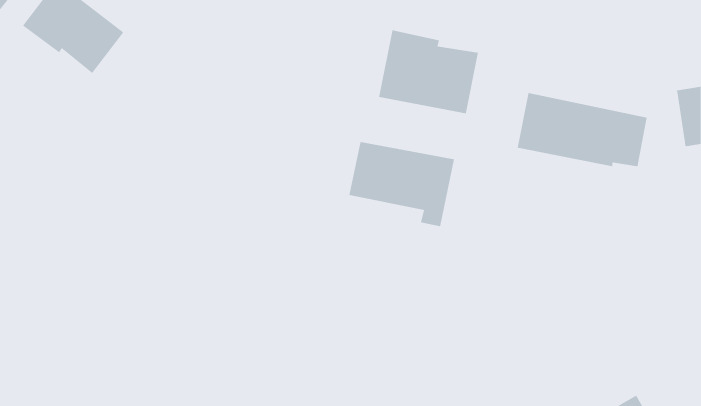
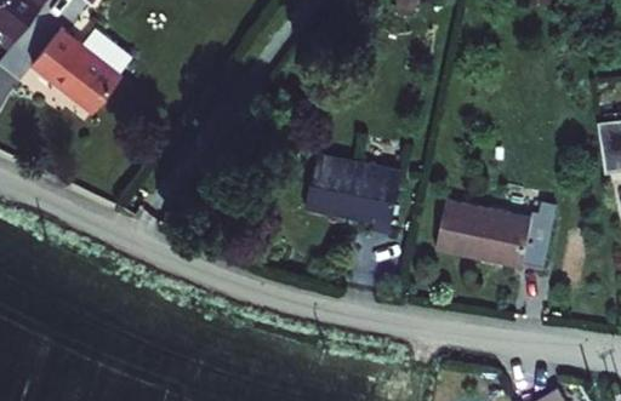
building: [378,30,478,114] -> none
building: [517,93,648,167] -> [439,204,554,269]

